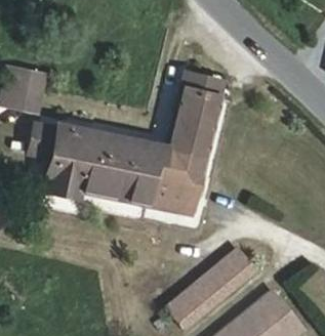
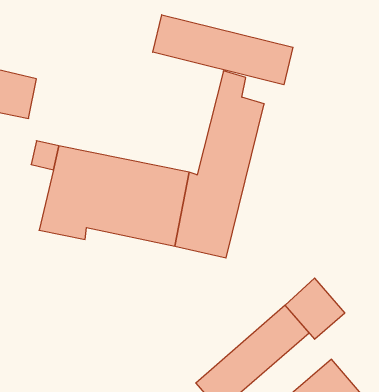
building: none -> [153,15,293,85]
building: none -> [285,278,345,339]

